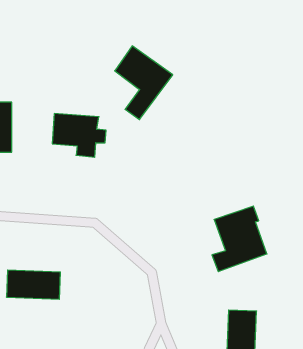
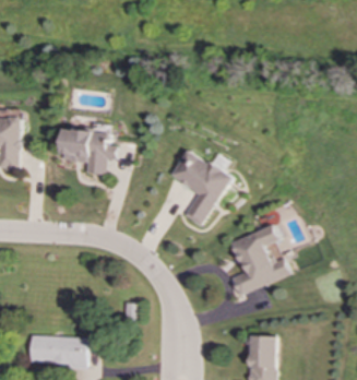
building: [115,46,173,120] -> [171,149,233,226]
building: [6,270,60,299] -> [29,335,86,366]

